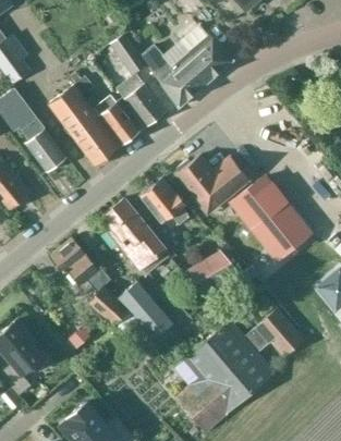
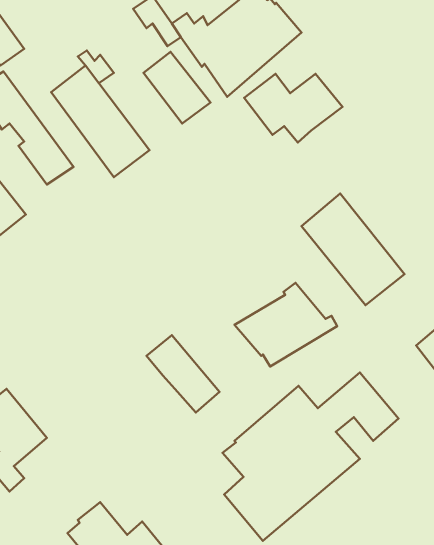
building: [94,95,138,144] -> none
building: [178,156,249,206] -> [244,74,342,142]
building: [141,179,190,223] -> none
building: [102,198,168,273] -> none
building: [50,237,120,316] -> none

